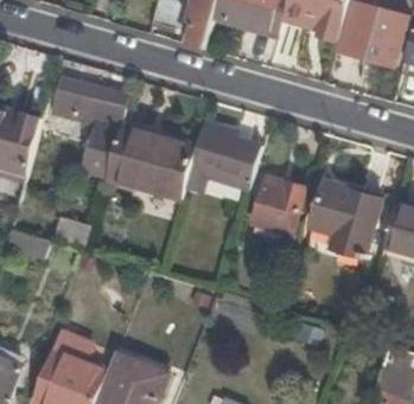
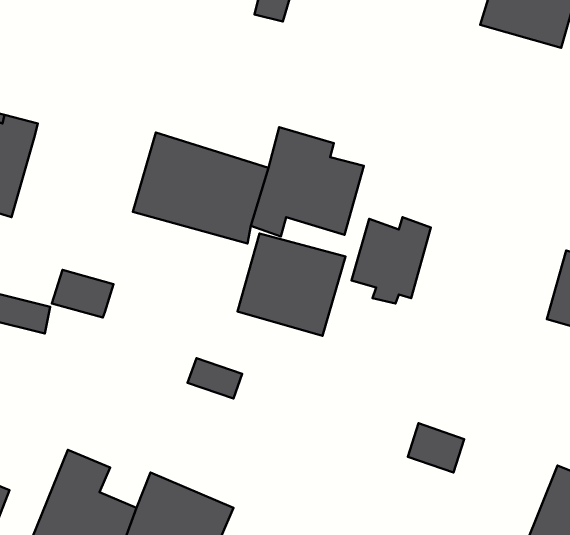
building: [51,78,127,177] -> none
building: [311,182,383,259] -> none
building: none -> [237,234,346,336]

